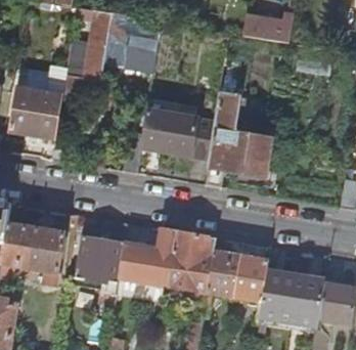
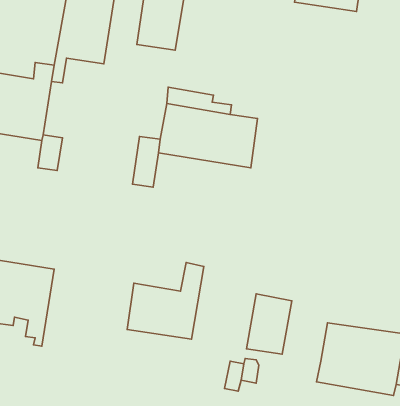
building: [206,93,271,186] -> none
building: [166,231,217,293] -> none
building: [76,236,123,293] -> none
building: [233,257,269,302] -> none

